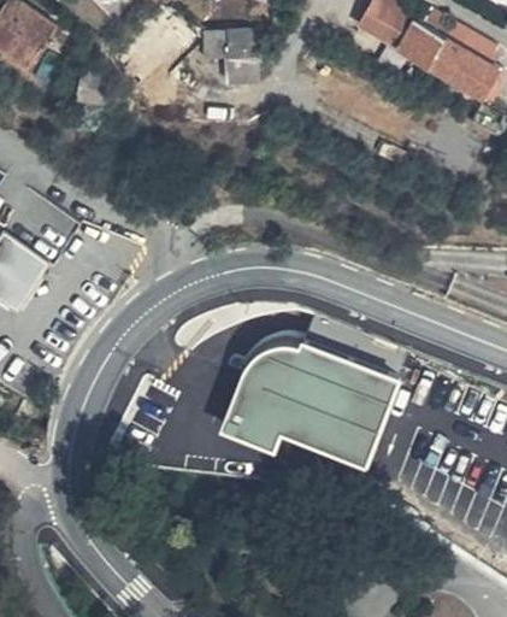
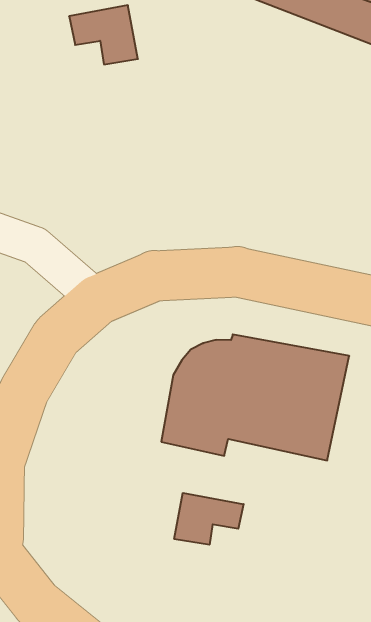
building: none -> [174,493,244,545]

